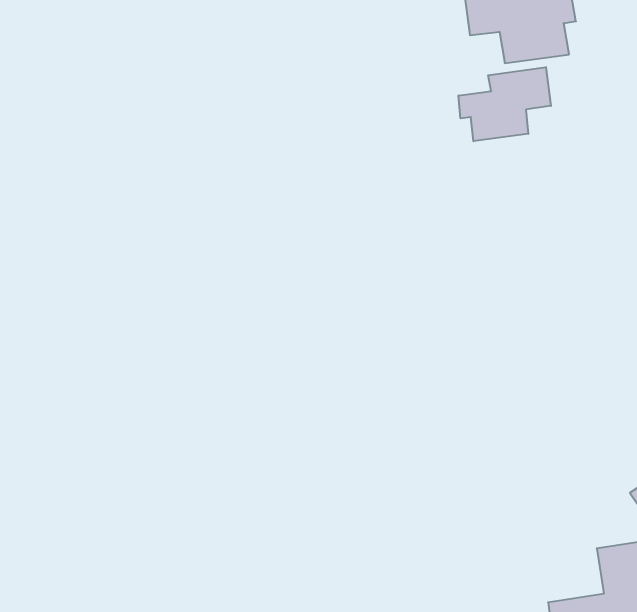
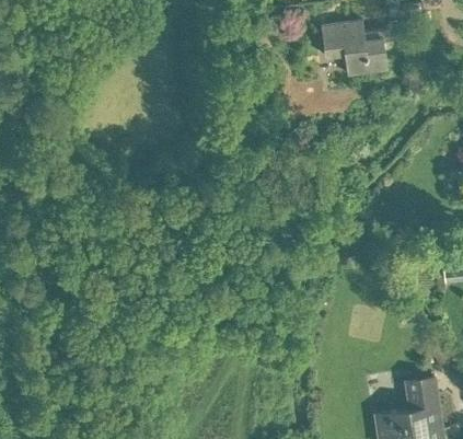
building: [459,67,551,141] -> none

